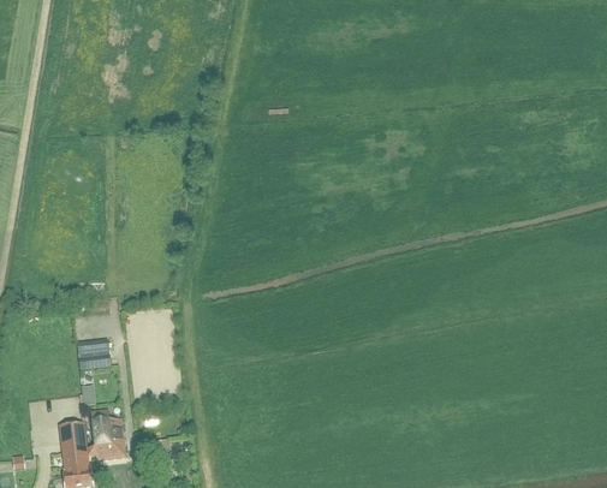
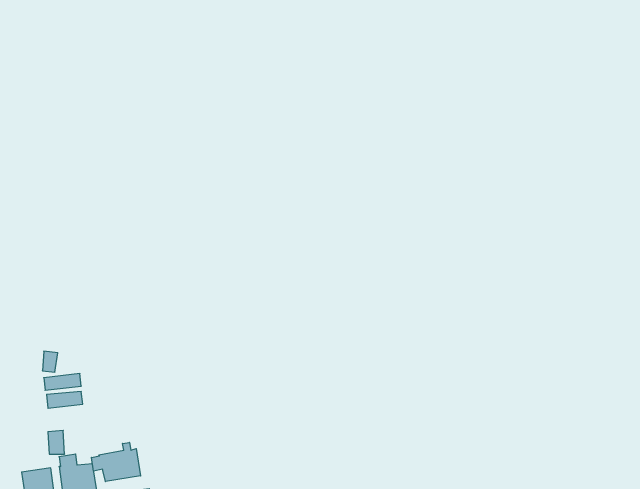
building: none -> [91,442,141,482]

